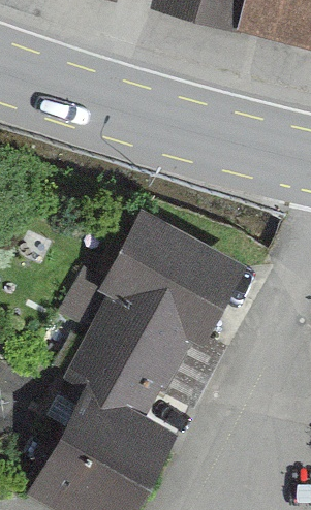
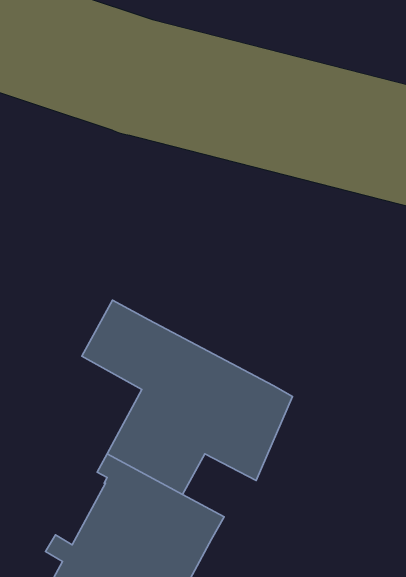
building: [112,219,238,331] -> none

